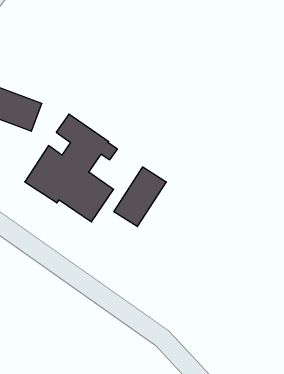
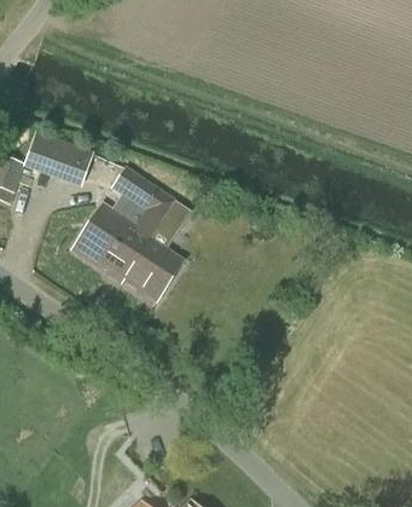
building: [114,167,166,227] -> none

